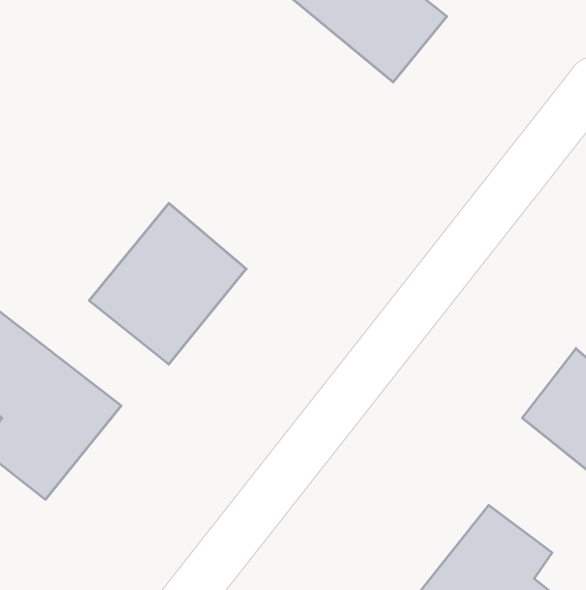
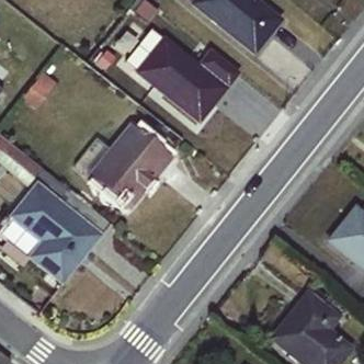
building: none -> [126,27,242,124]

